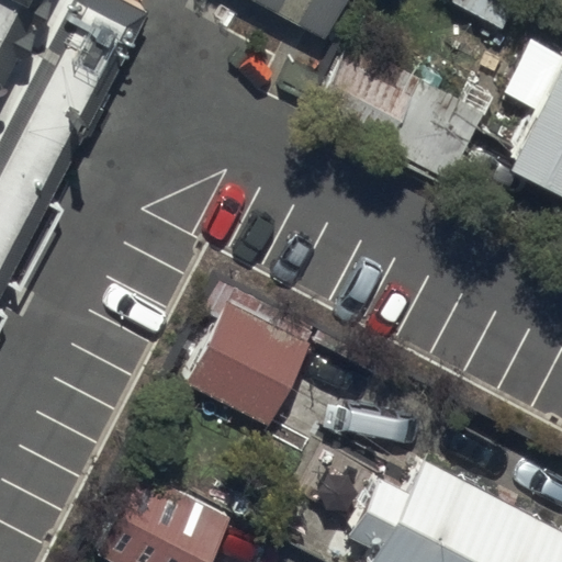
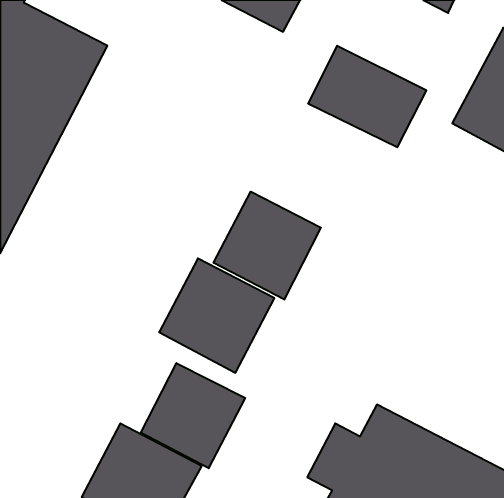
building: none -> [214,192,321,300]
building: none -> [141,363,245,468]

